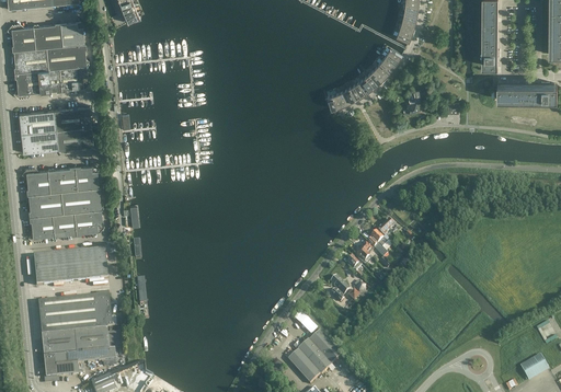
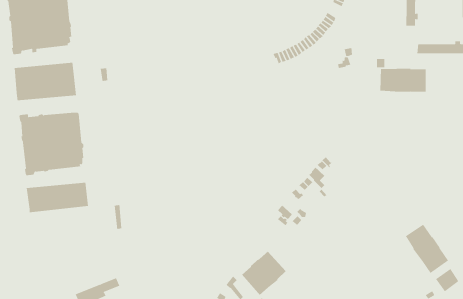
building: none -> [380,68,426,93]
building: [38,290,116,380] -> none
building: none -> [405,224,449,274]

